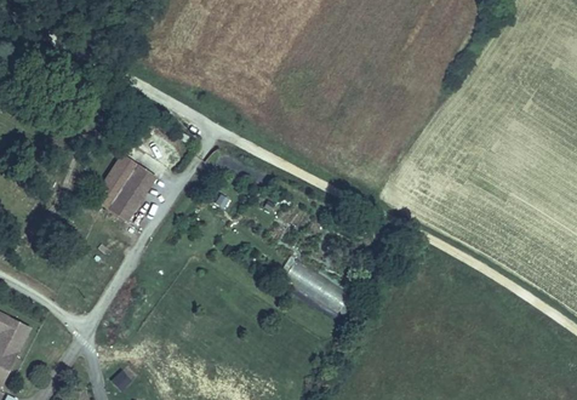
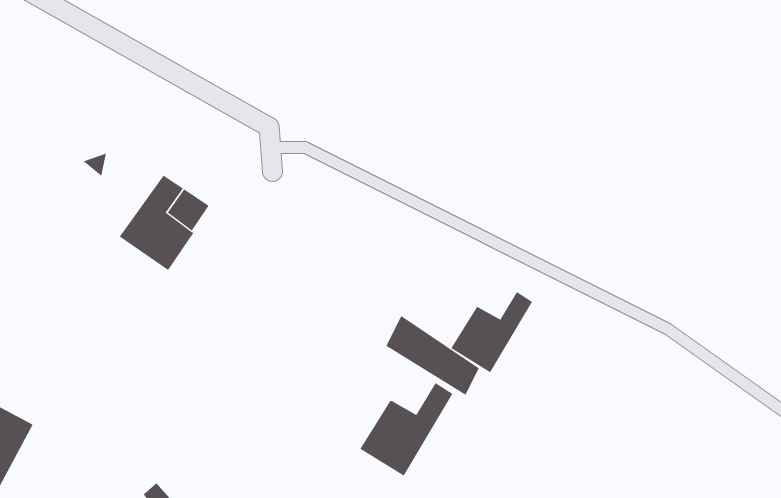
building: none -> [450,291,533,373]
building: none -> [359,382,453,476]

